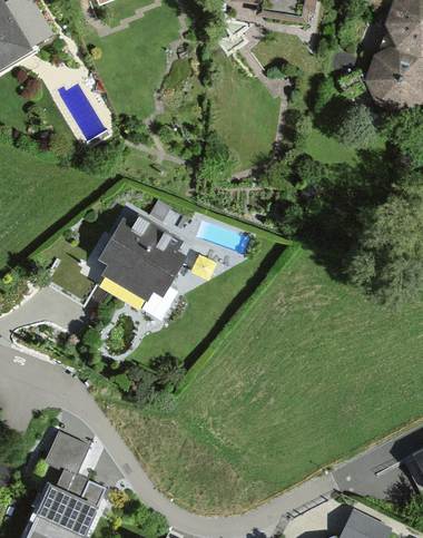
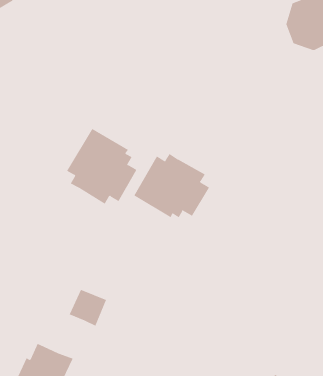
building: none -> [133,153,210,218]
building: [42,431,89,477] -> [69,289,107,326]

